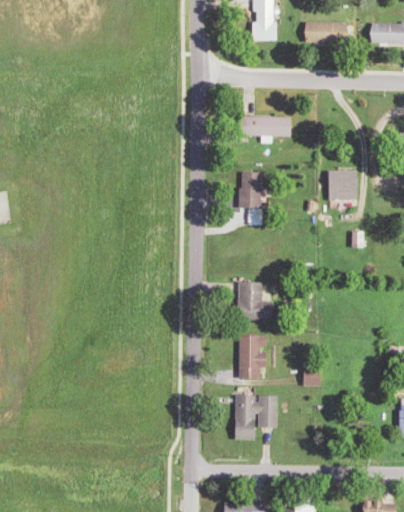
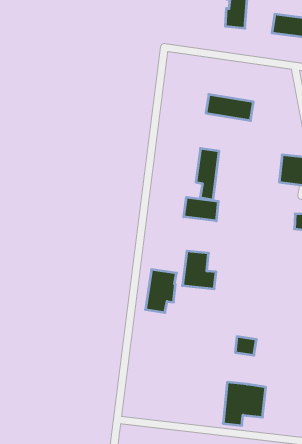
building: none -> [184,197,218,221]
building: [238,335,267,379] -> [145,270,177,313]
building: [235,395,276,439] -> [223,382,266,425]

